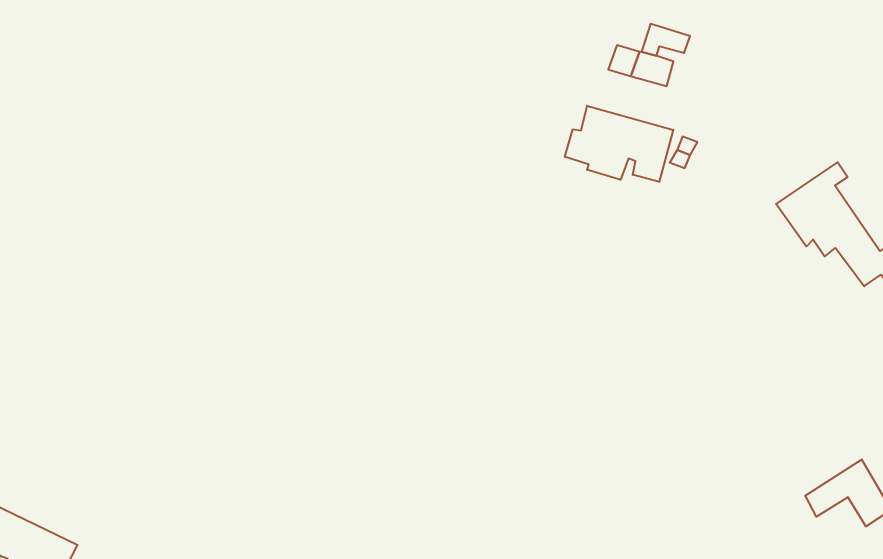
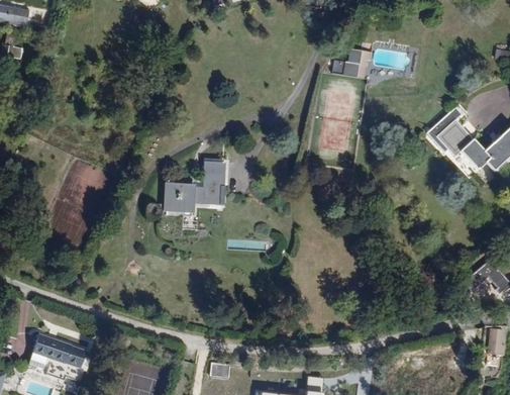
building: [565,106,673,182] -> none
building: none -> [166,162,224,216]

